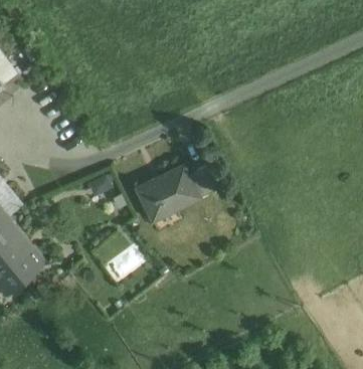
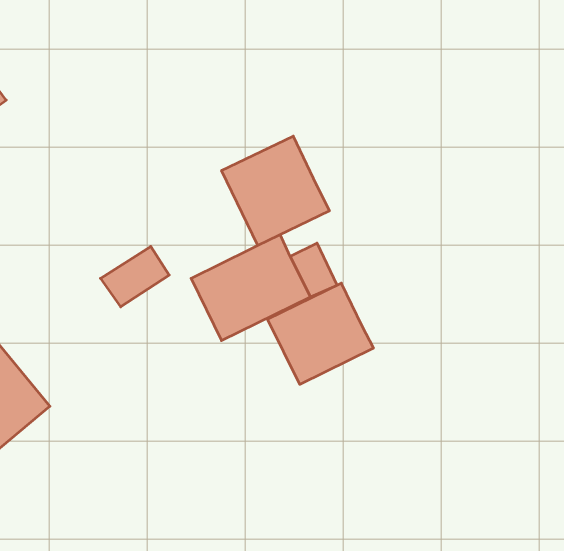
building: none -> [222,136,329,245]
building: none -> [268,283,373,384]

